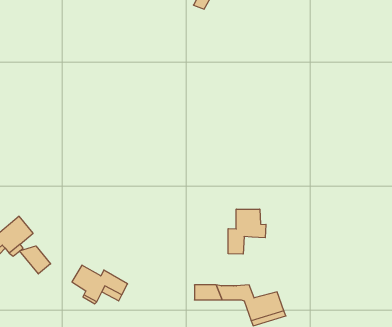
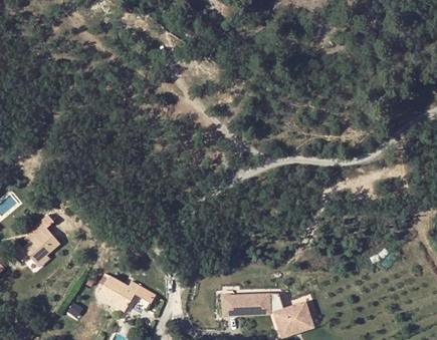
building: [228,209,266,254] -> none
building: [20,246,51,274] -> none

